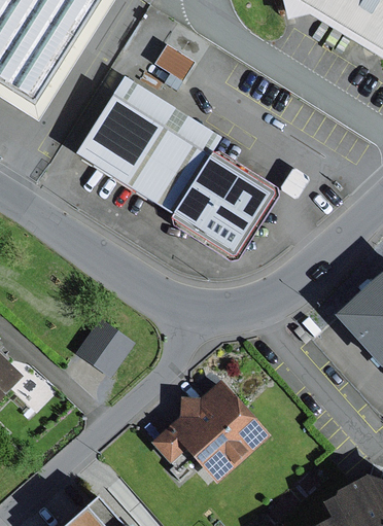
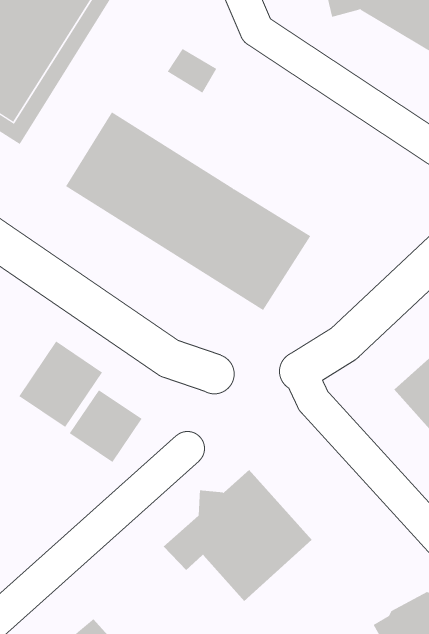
building: [110,73,220,154] -> none
building: none -> [18,341,103,428]

